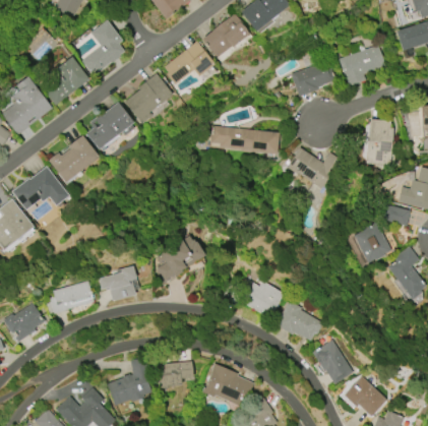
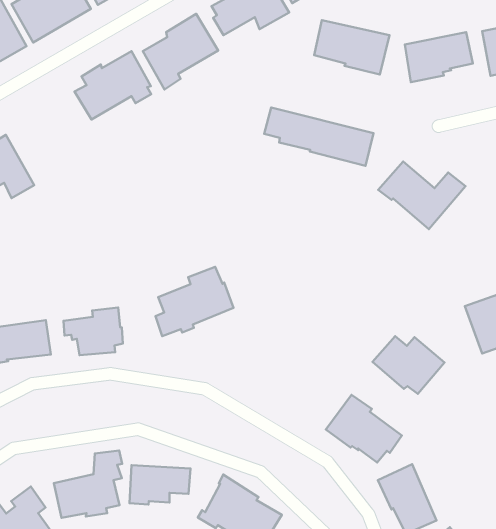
building: none -> [314,20,390,74]
building: [49,135,101,183] -> none
building: [239,281,285,316] -> [372,336,445,394]

